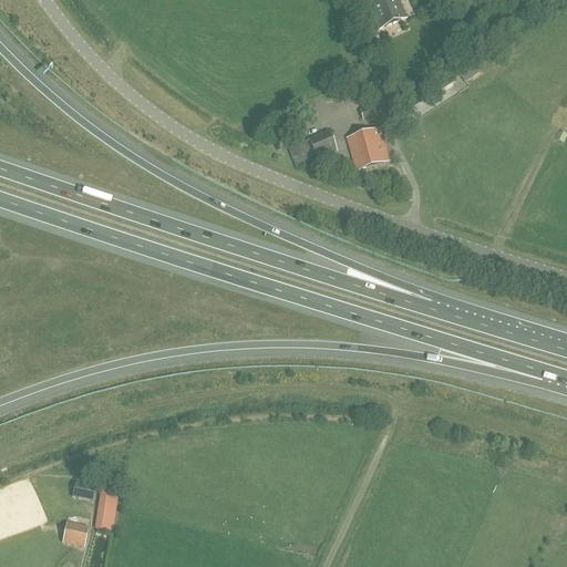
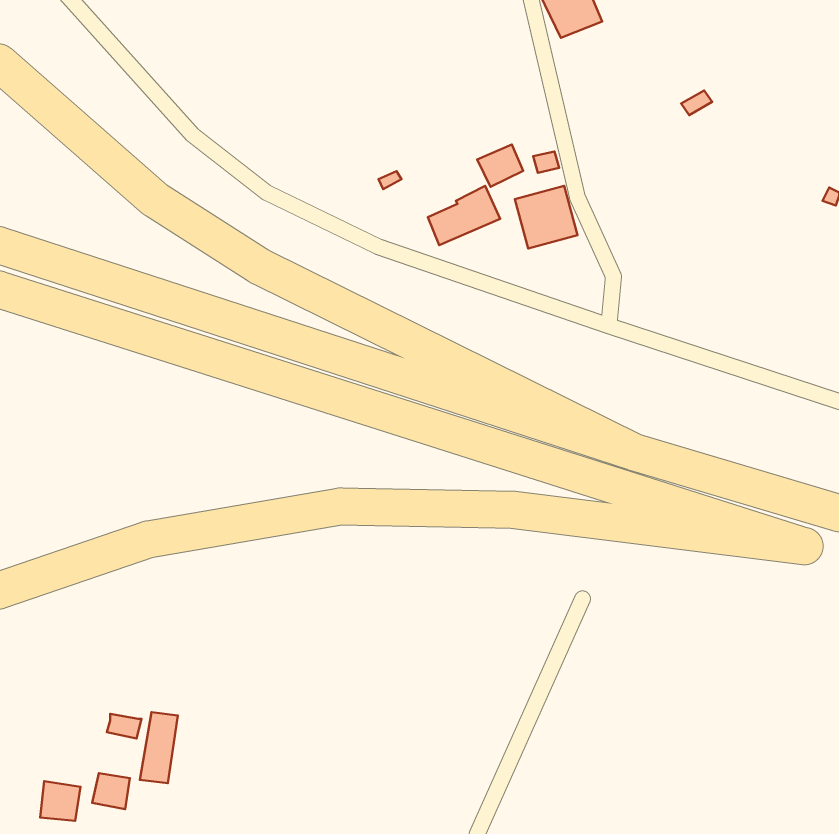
building: none -> [477,145,523,187]
building: none -> [40,781,81,821]

